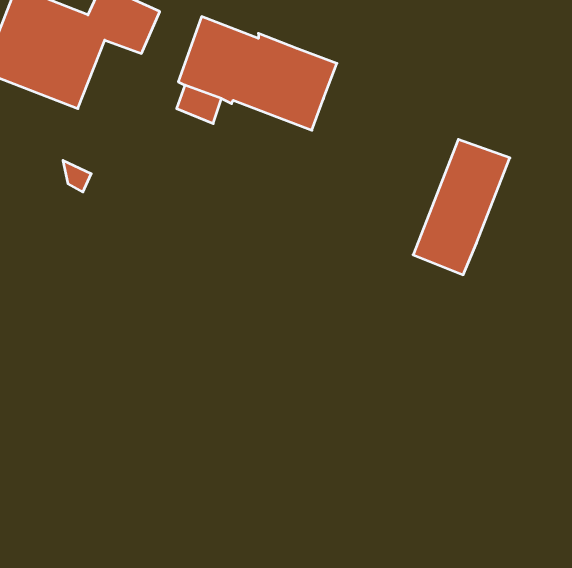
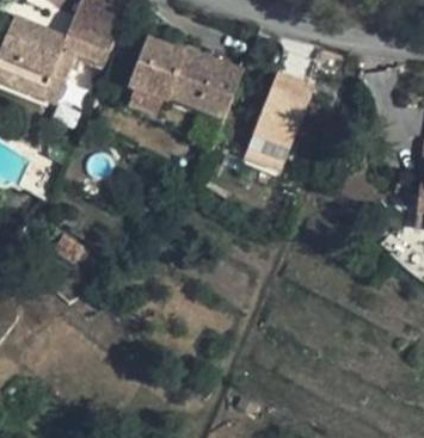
building: [413,139,510,275] -> [244,74,313,171]

